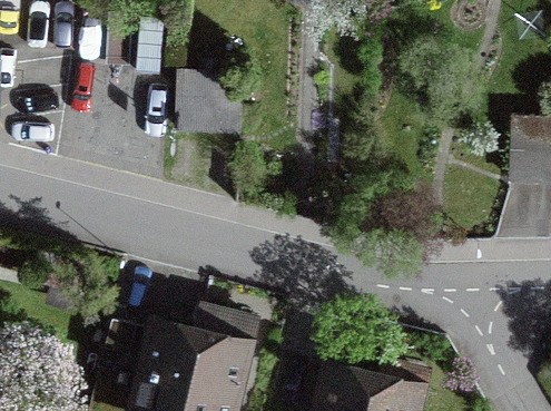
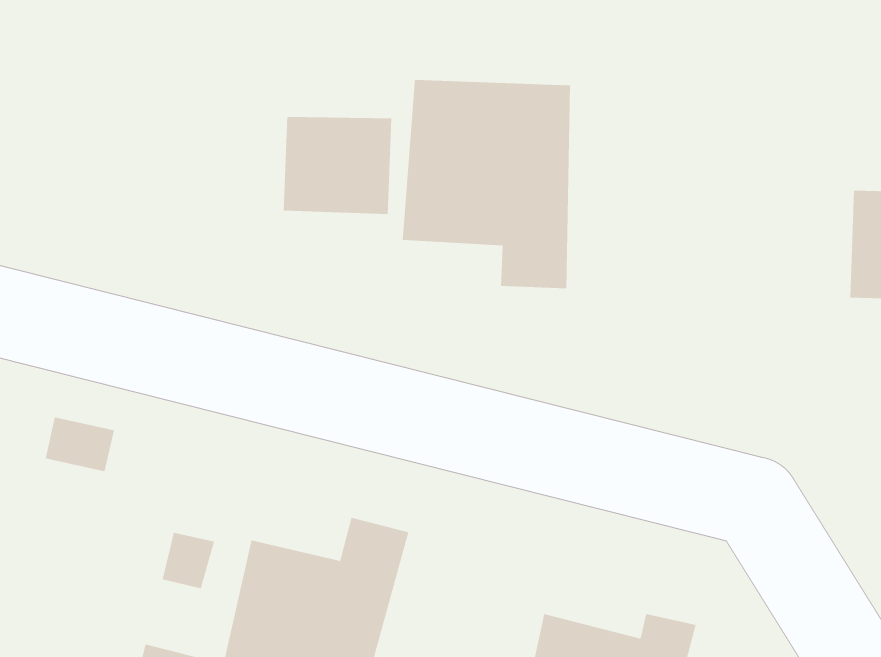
building: none -> [402,79,570,289]

